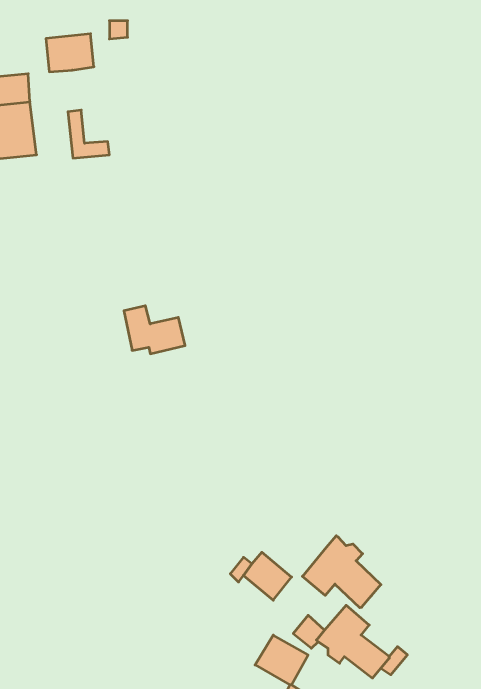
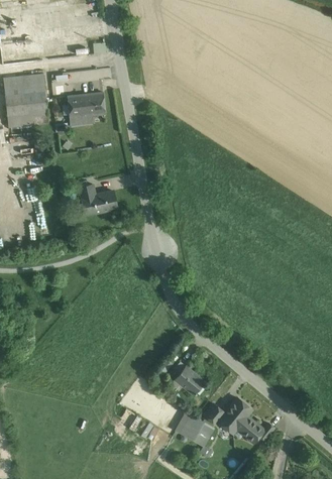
building: [46,34,94,72] -> [76,93,105,116]
building: [124,306,185,354] -> [79,184,116,213]
building: [302,536,381,608] -> none

